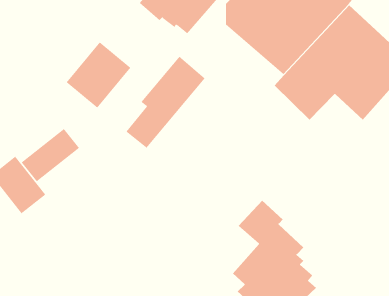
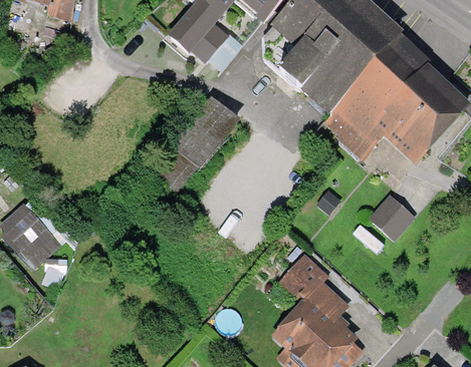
building: [66,42,131,108] -> none
building: [21,128,80,182] -> none
building: none -> [368,200,414,246]

